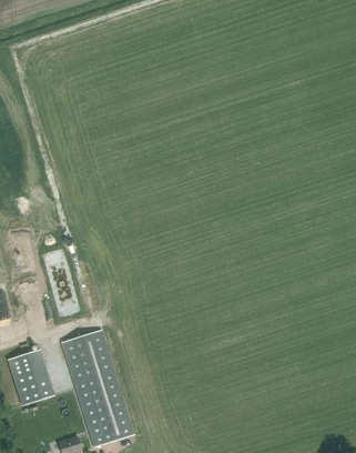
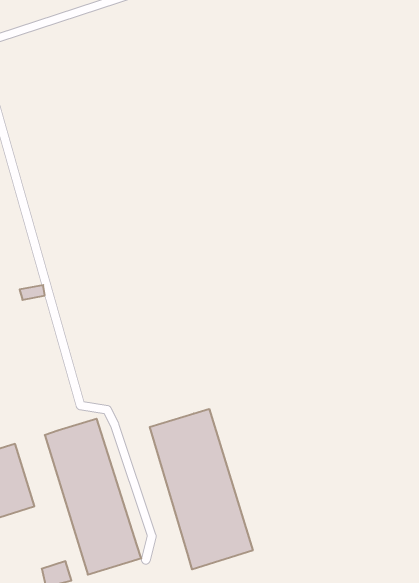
building: none -> [150,409,253,569]

